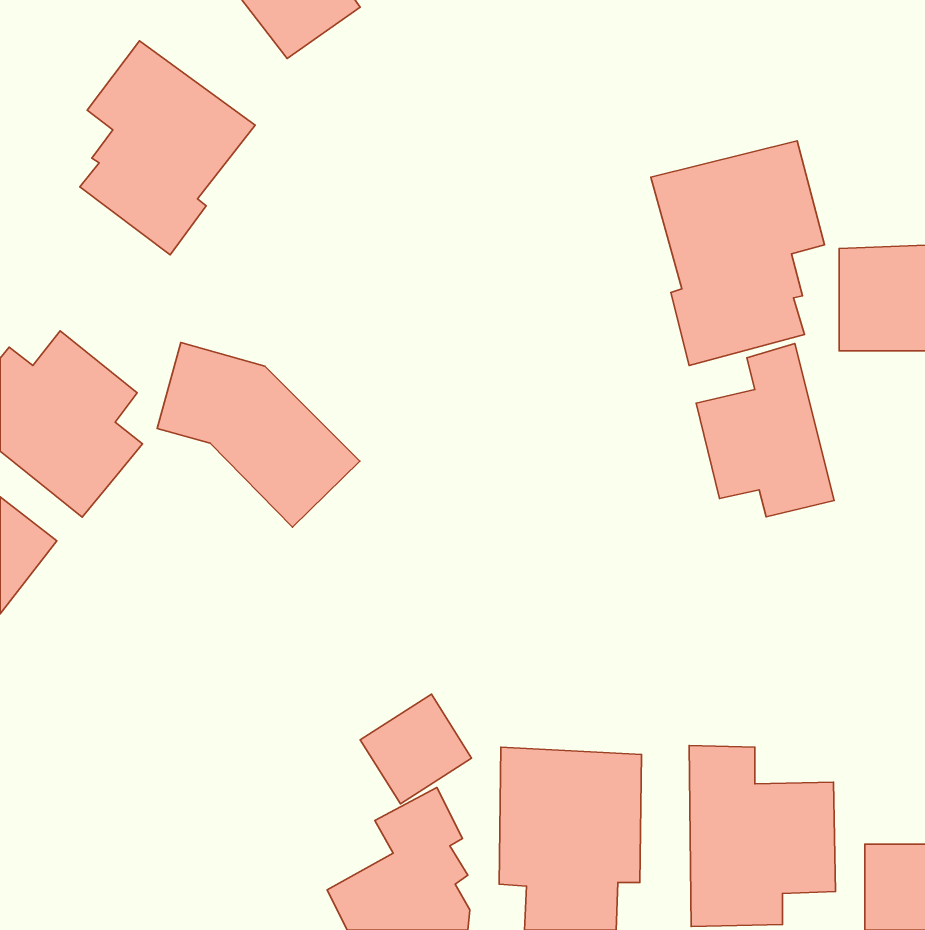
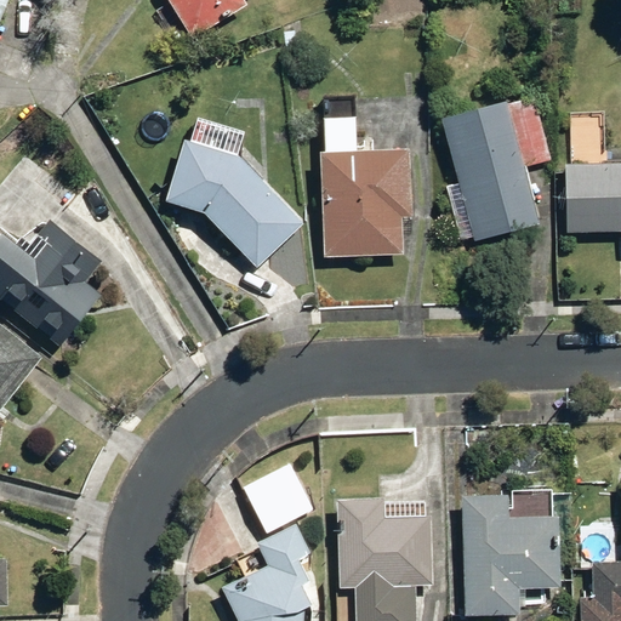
building: [80,41,255,255] -> none
building: none -> [318,119,416,255]
building: [157,343,360,527] -> [167,143,302,266]
building: [696,344,834,517] -> none

